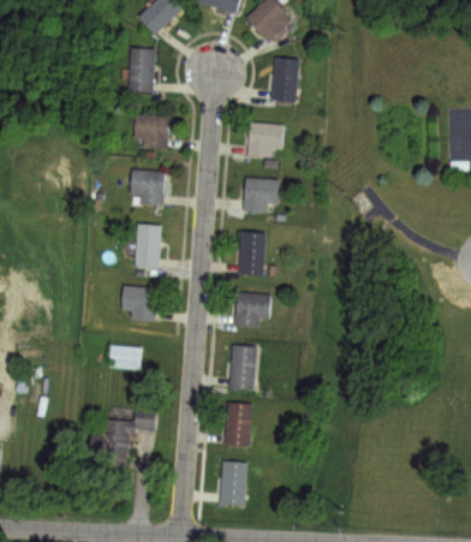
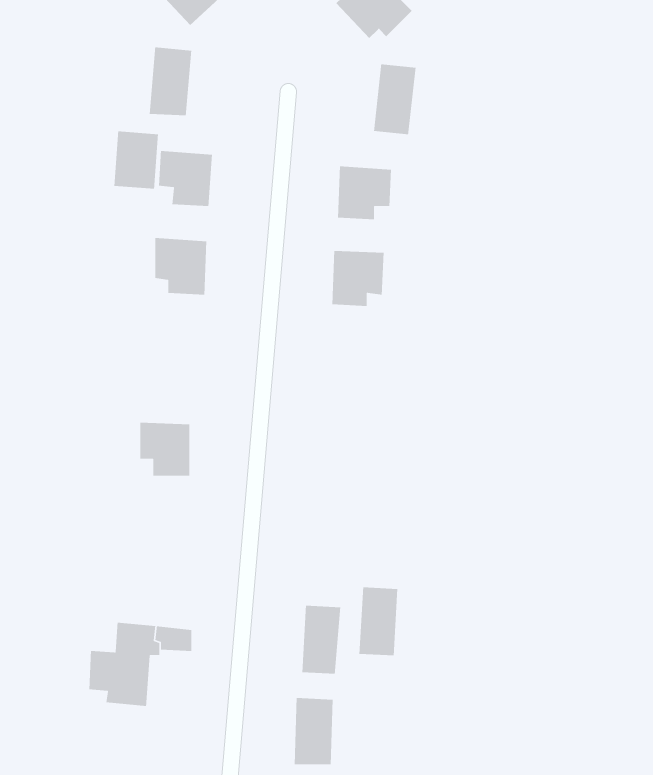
building: none -> [114,131,159,189]
building: [133,224,161,269] -> none
building: [237,231,264,275] -> none
building: [234,293,269,328] -> none
building: [229,345,255,389] -> [359,586,398,656]
building: [108,346,139,371] -> none

